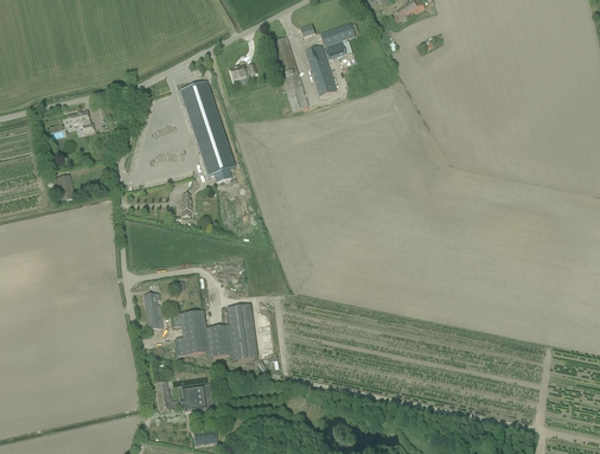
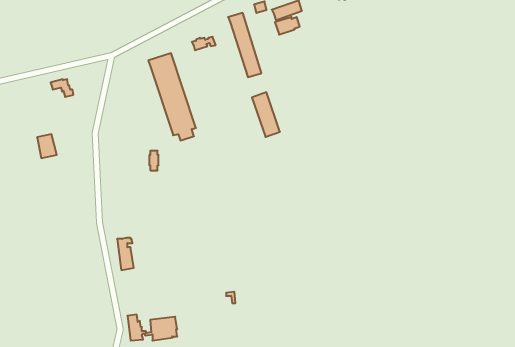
building: [305,44,337,95] -> [252,92,280,137]
building: [172,303,257,360] -> none

